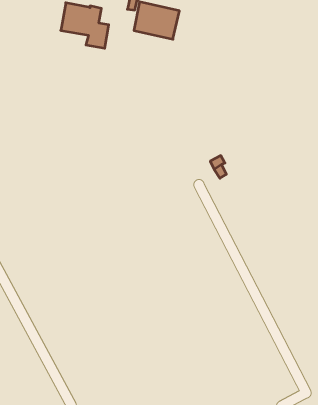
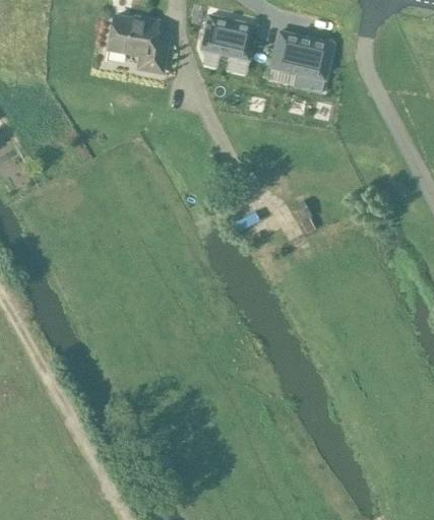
building: none -> [270,32,331,80]

